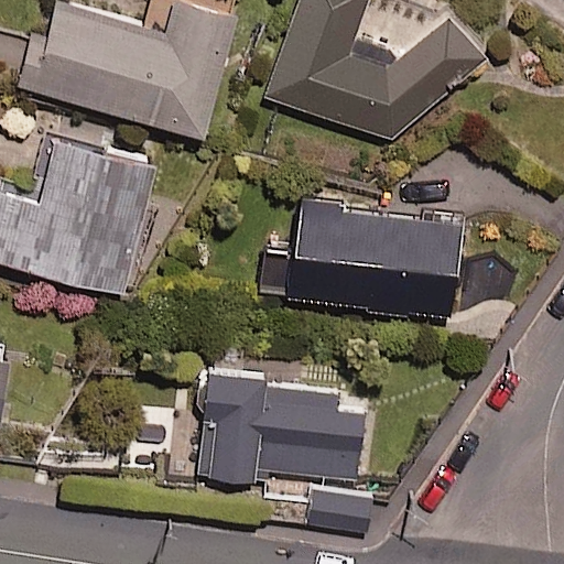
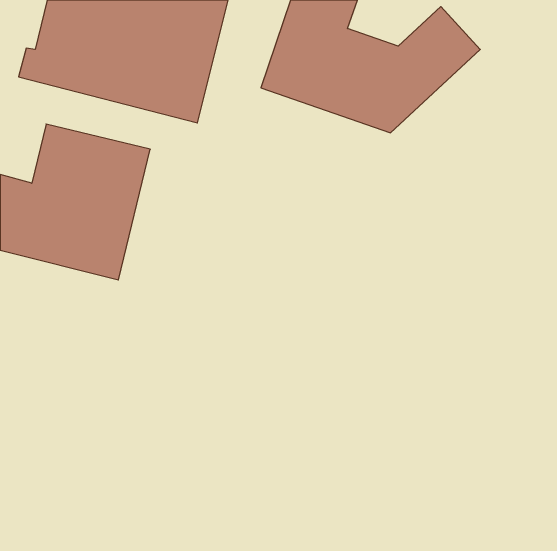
building: [264,202,462,314] -> none
building: [198,375,365,484] -> none

